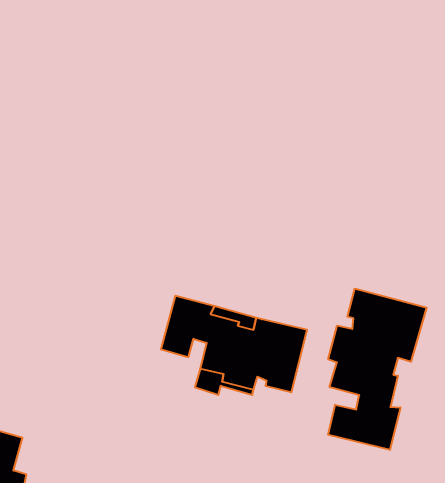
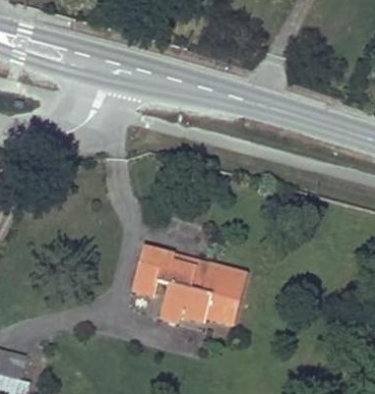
building: [328,289,427,450] -> none

